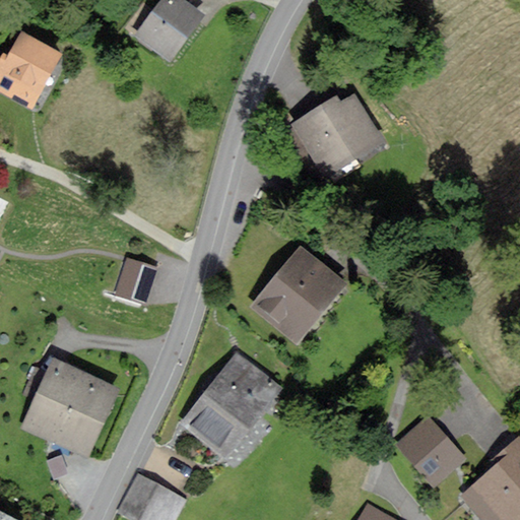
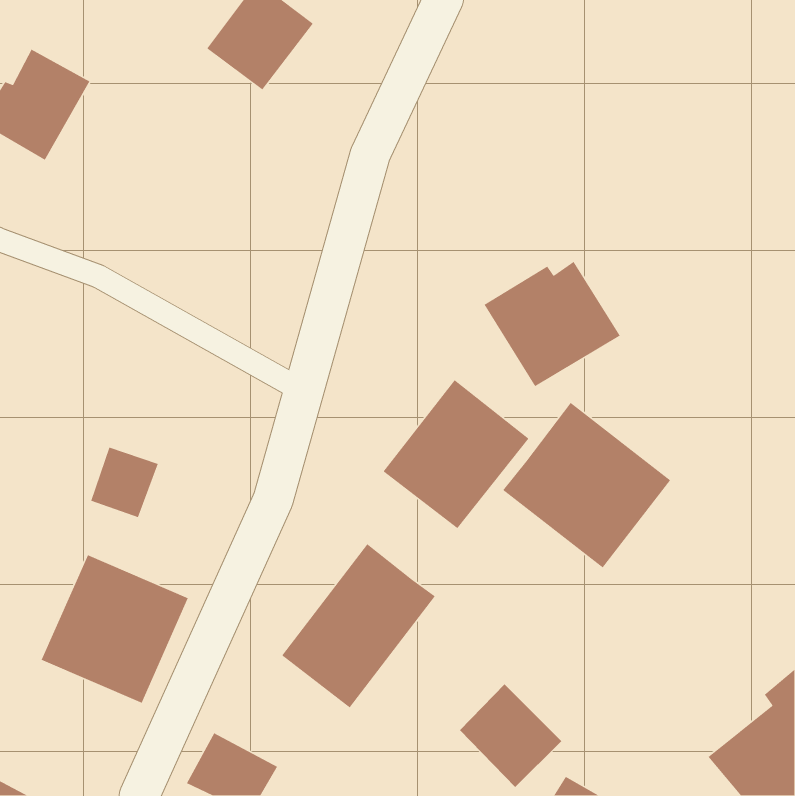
building: [292,93,382,176] -> [483,261,621,387]
building: [113,254,157,301] -> [90,446,159,518]
building: none -> [502,402,671,569]
building: [397,418,464,486] -> [459,683,562,788]

